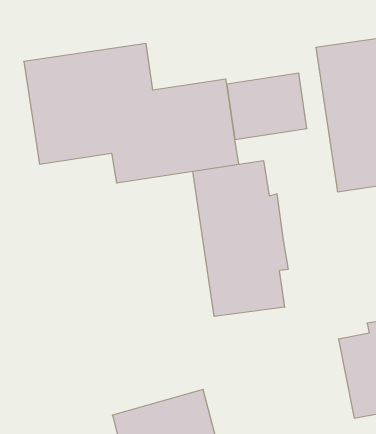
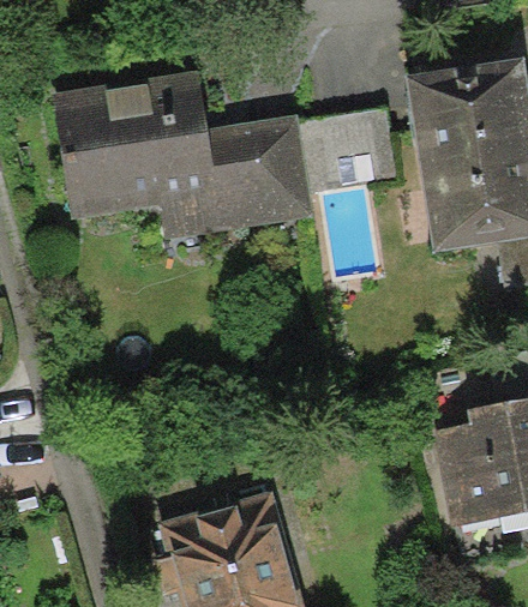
building: [193,161,288,316] -> none

